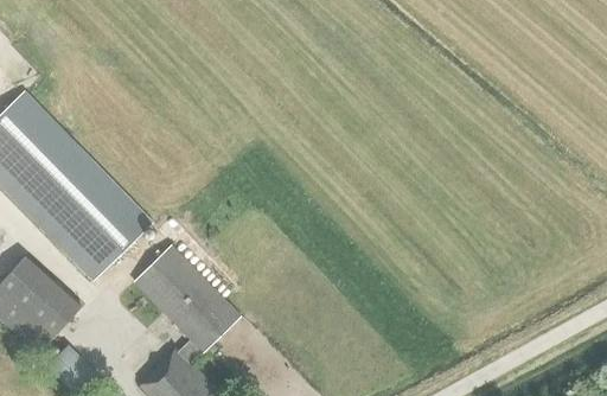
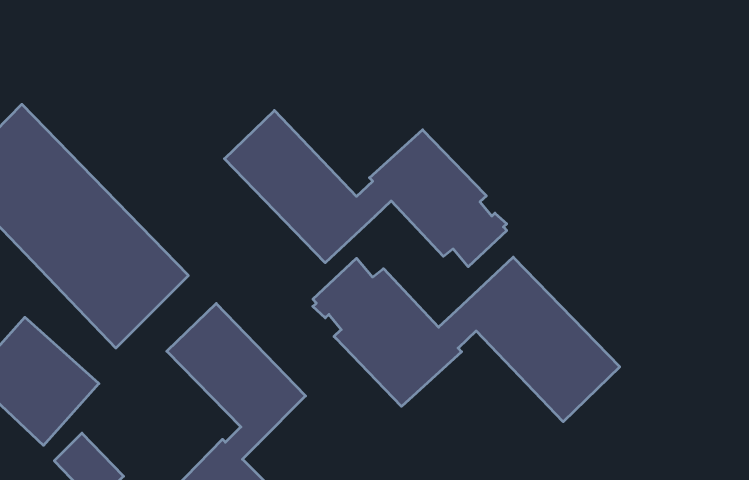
building: none -> [224,110,507,267]
building: none -> [313,257,620,422]

